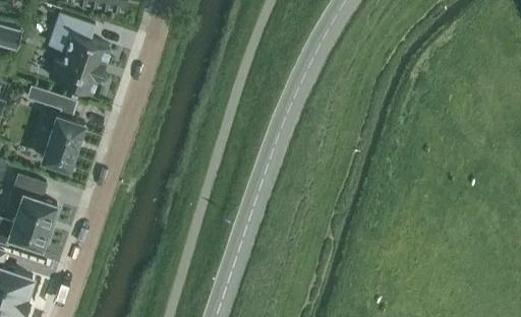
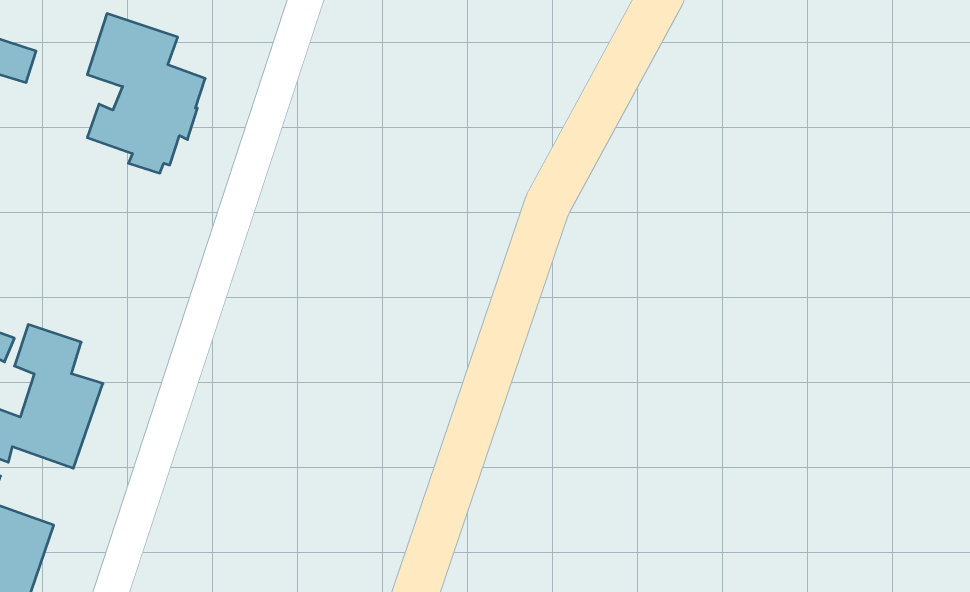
building: [26,87,84,171] -> none

